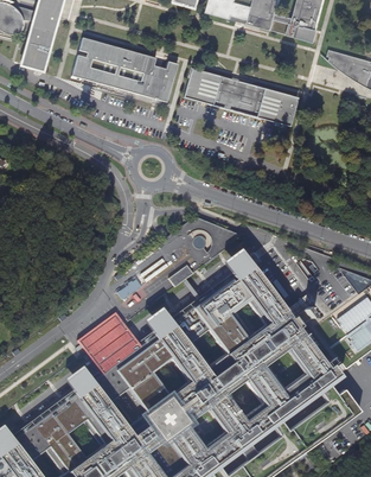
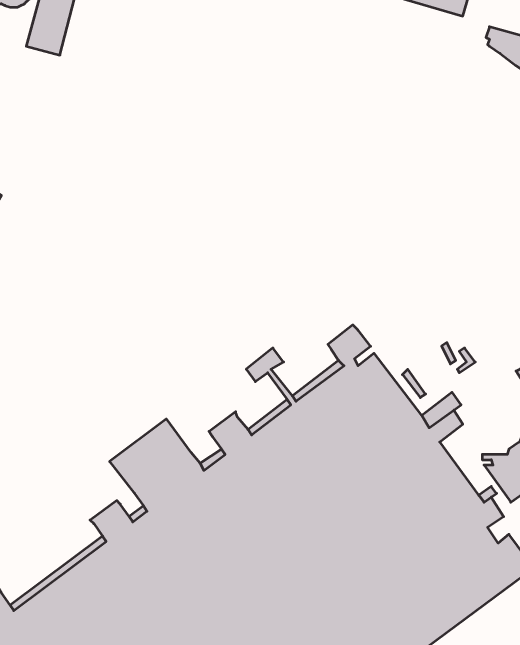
building: [70,37,177,102] -> none
building: [183,68,296,126] -> none

